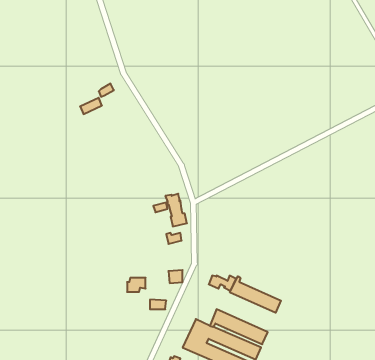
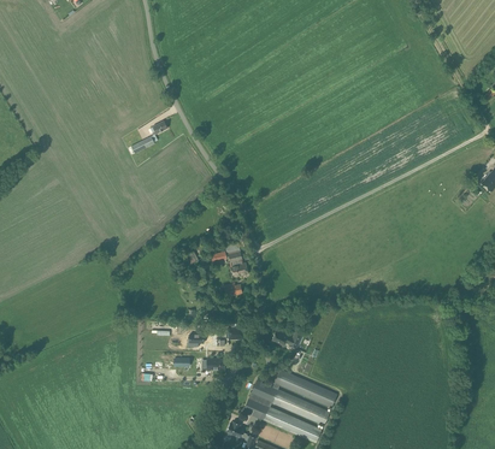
building: [230,276,281,313] -> none

